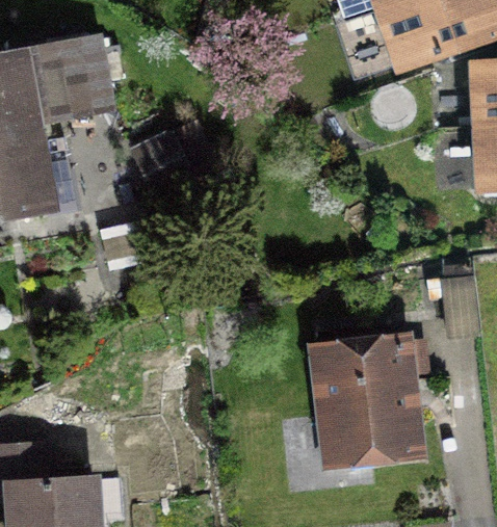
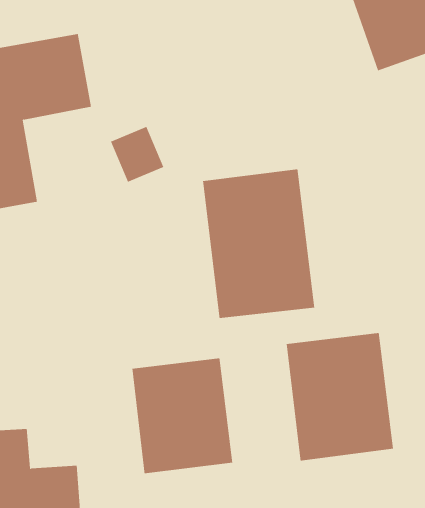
building: none -> [202,169,315,319]
building: none -> [132,358,233,474]

